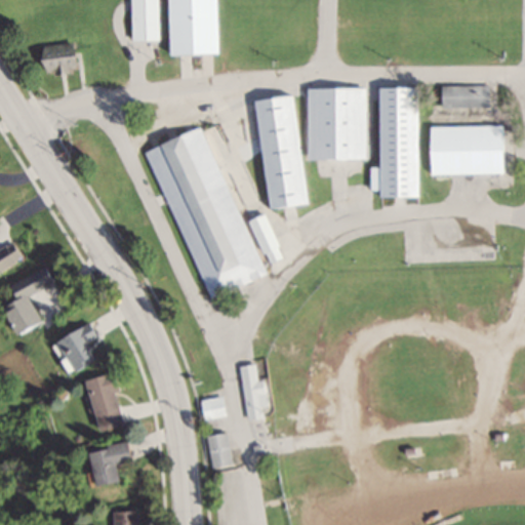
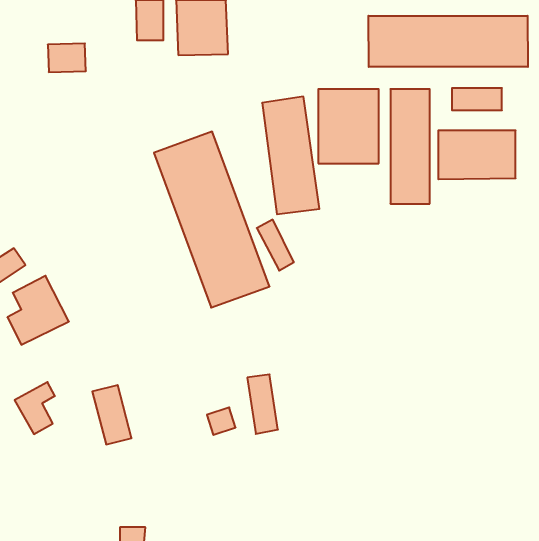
building: none -> [368,16,528,67]
building: [62,323,100,373] -> [15,382,55,434]
building: [207,433,232,469] -> none
building: [91,442,133,486] -> none

